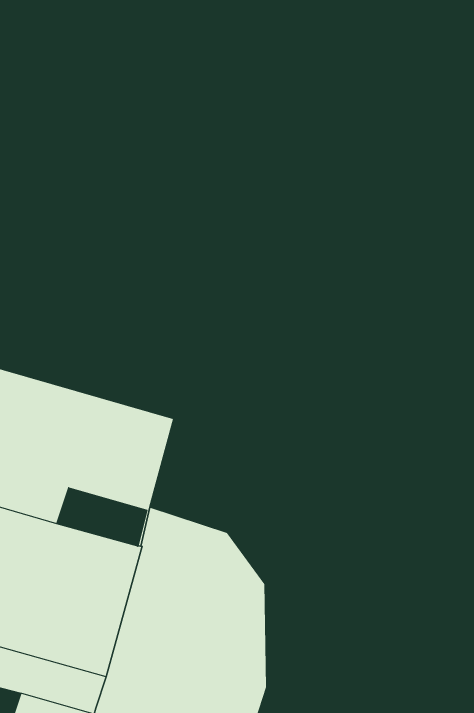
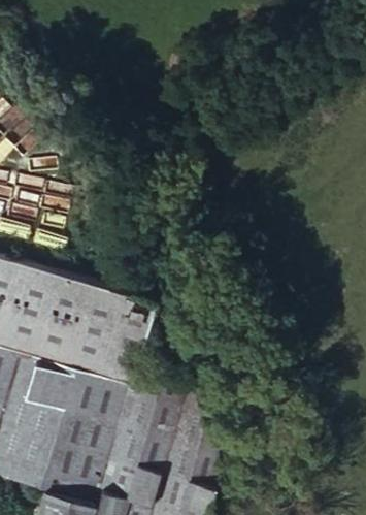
building: none -> [67,353,129,393]

